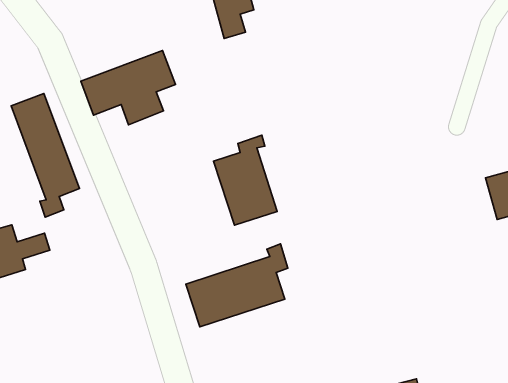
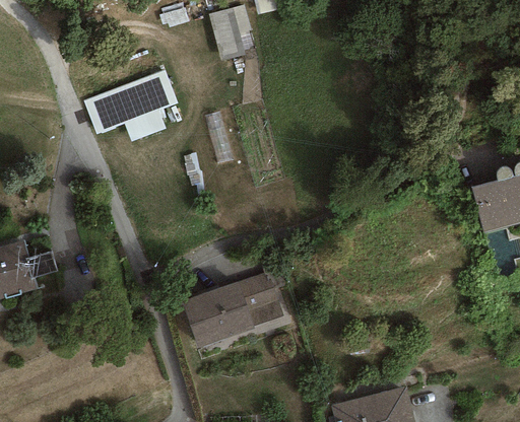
building: [11,94,79,217] -> none
building: [214,135,277,225] -> none

